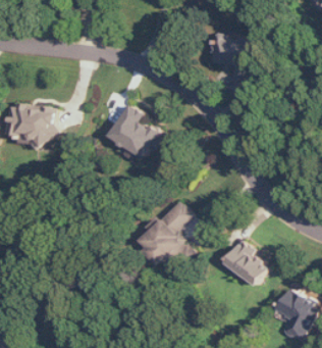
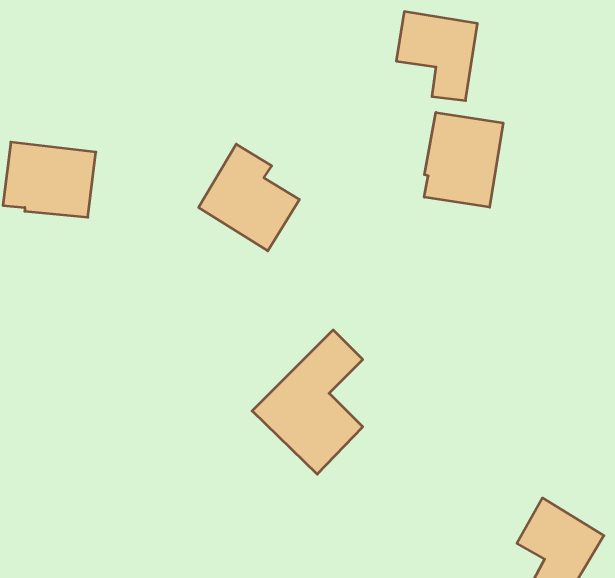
building: none -> [424,112,503,207]
building: [221,241,267,286] -> none

